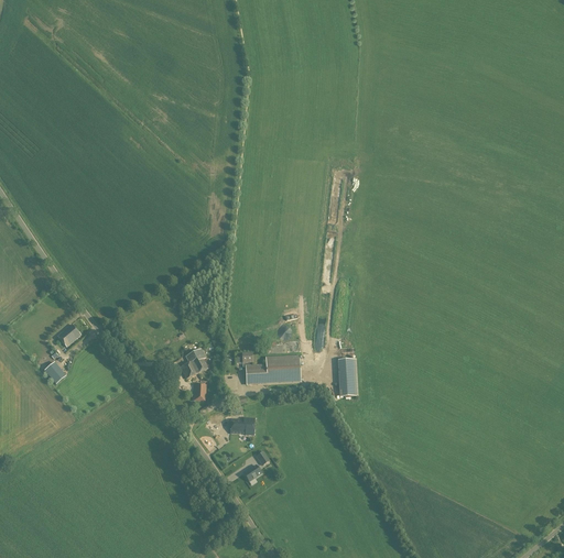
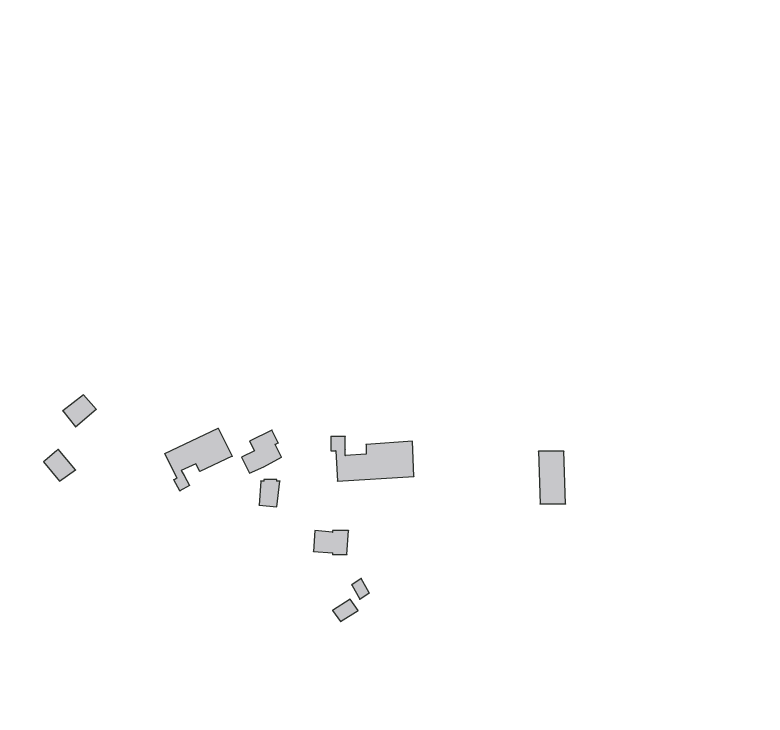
building: none -> [165,428,232,491]
building: [337,359,356,395] -> [538,451,566,504]

